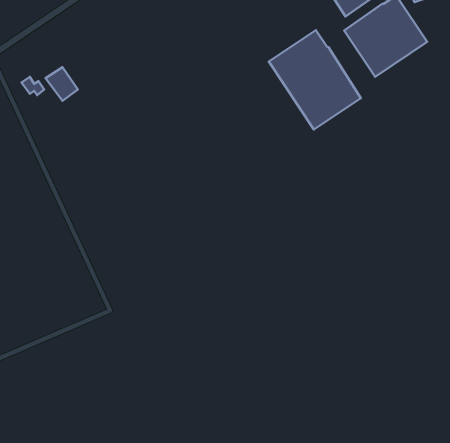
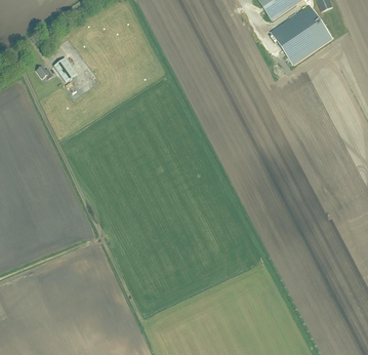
building: [269,30,361,129] -> none

